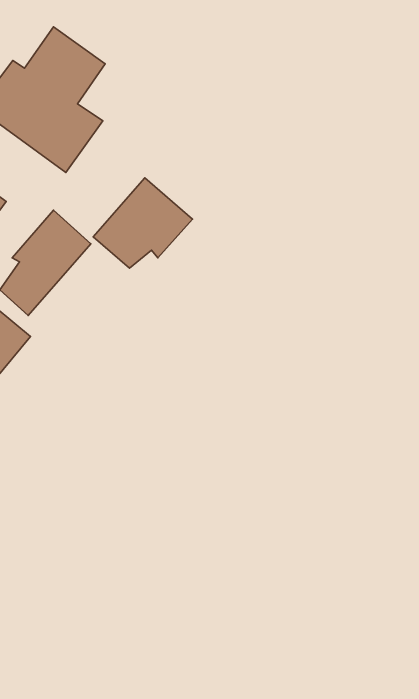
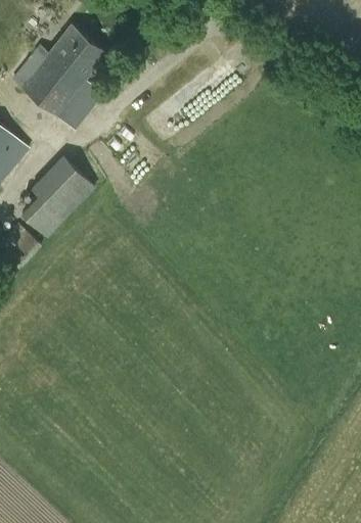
building: [93,178,192,268] -> none

